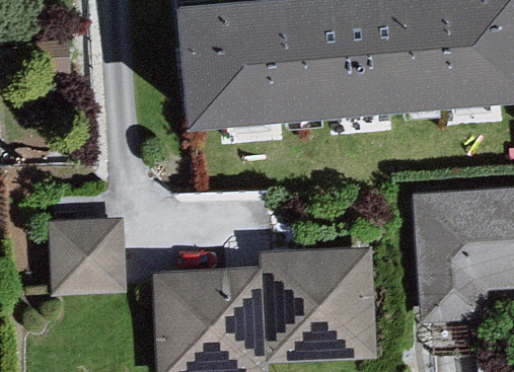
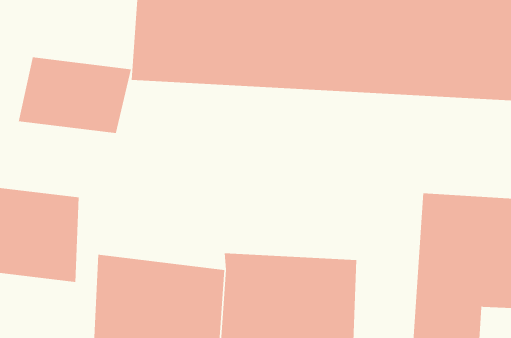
building: none -> [18,57,132,134]

